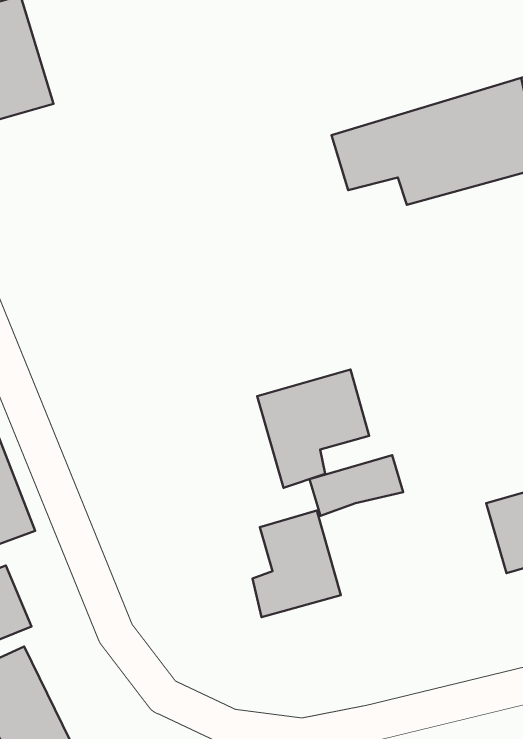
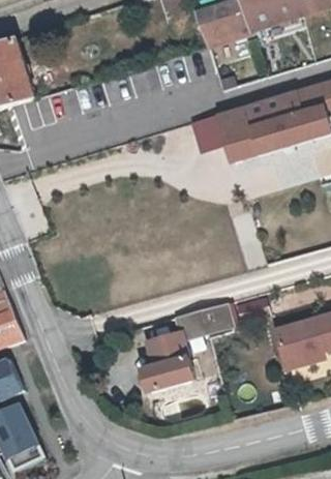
building: [257,369,369,488] -> none

